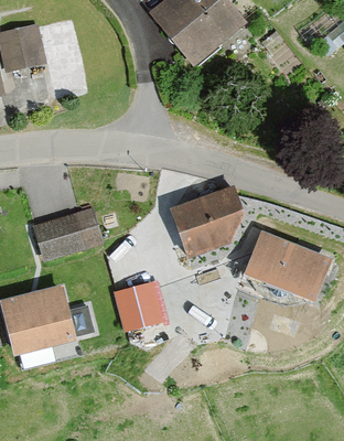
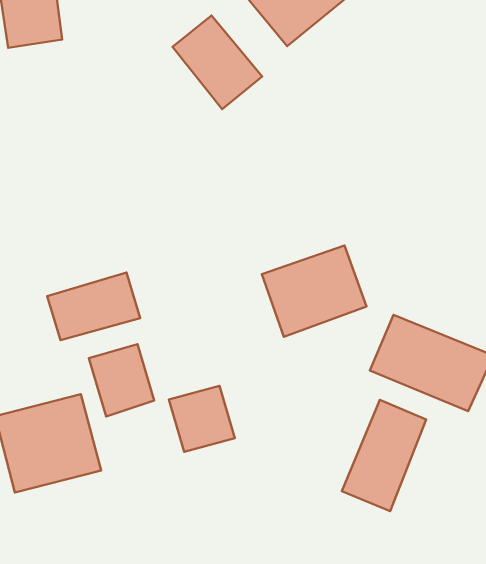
building: none -> [172,16,262,109]
building: none -> [89,344,154,416]
building: none -> [342,400,426,511]

